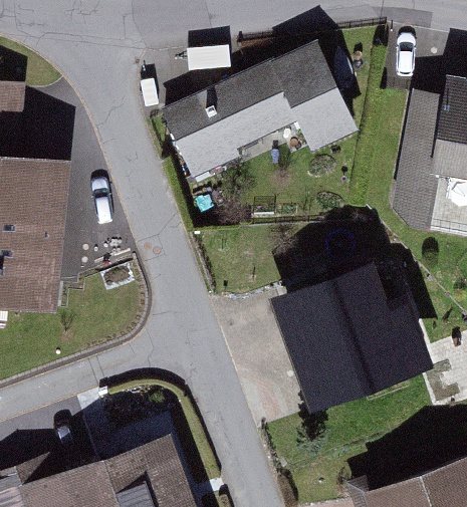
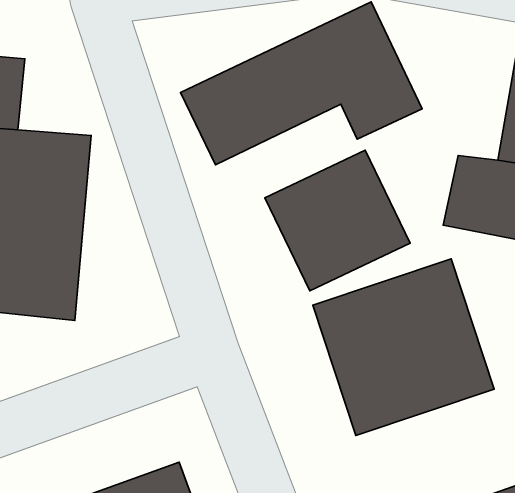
building: none -> [265,150,410,291]

